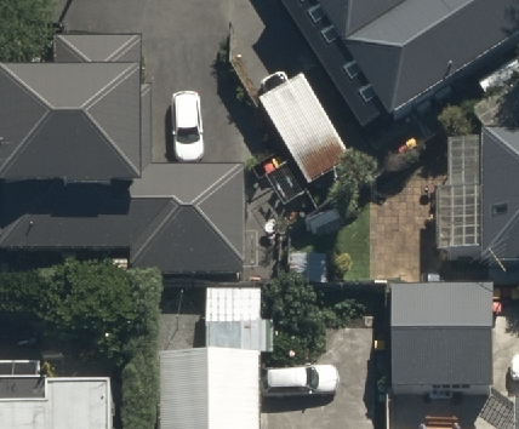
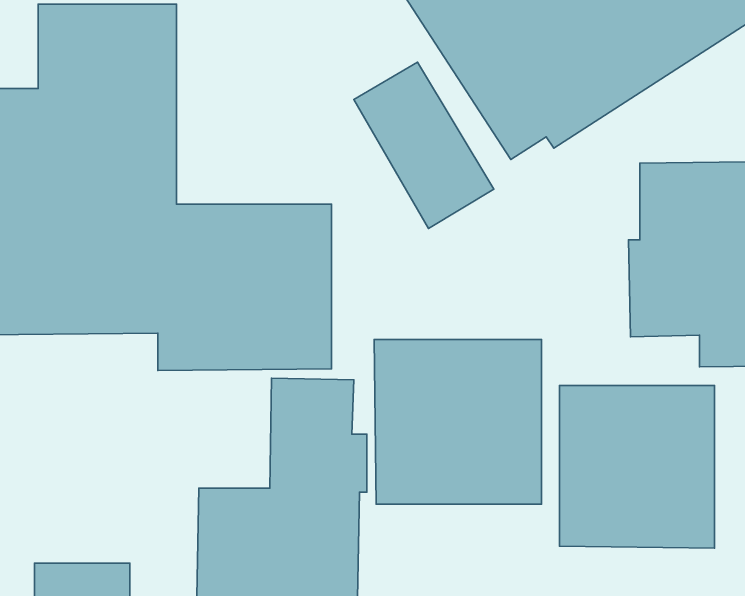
building: none -> [374,340,542,504]

